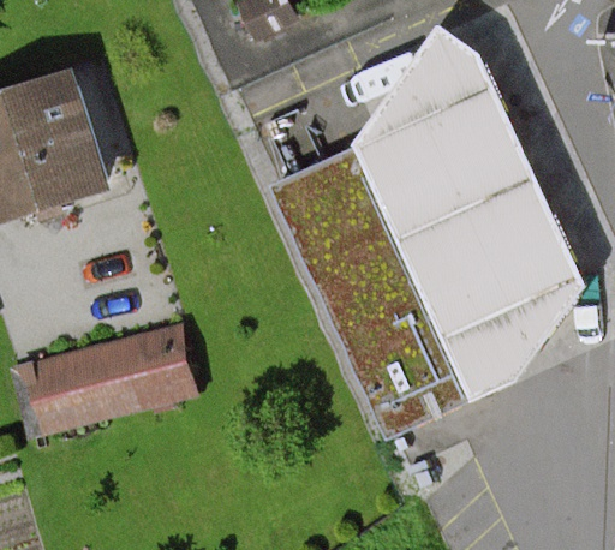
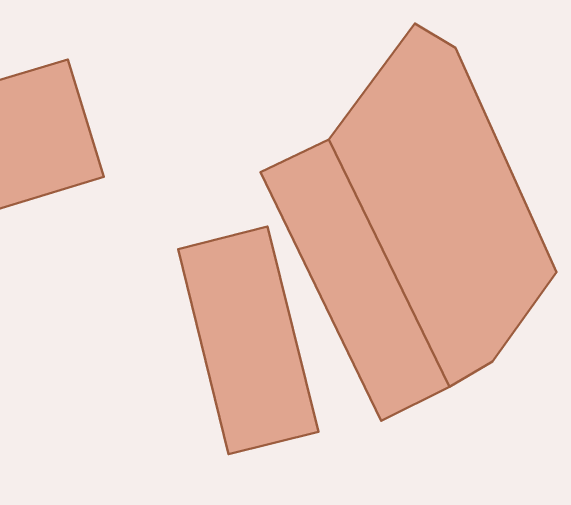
building: none -> [178,226,319,454]
building: [12,319,192,443] -> none

